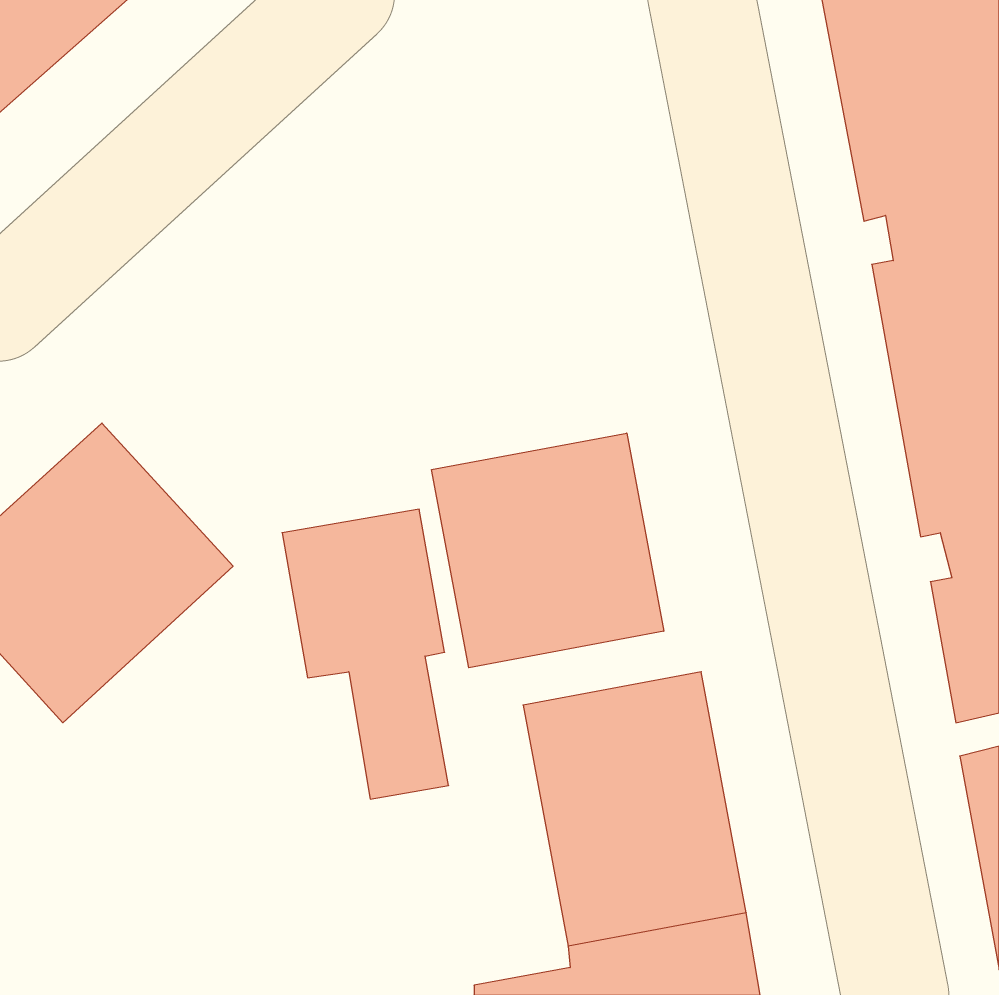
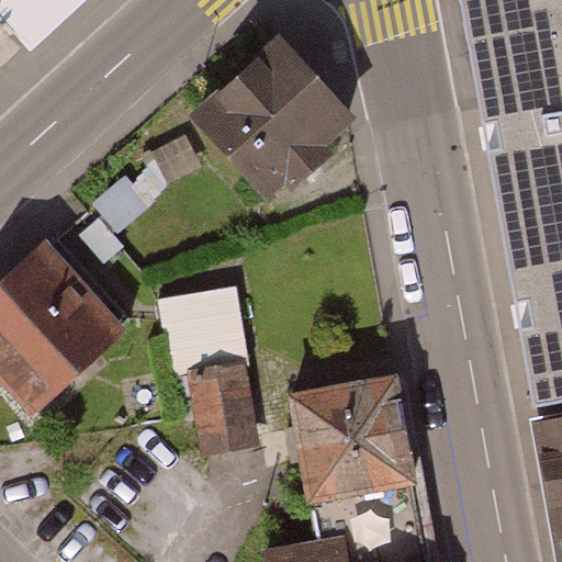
building: none -> [200,43,348,190]
building: [432,433,664,668] -> none

